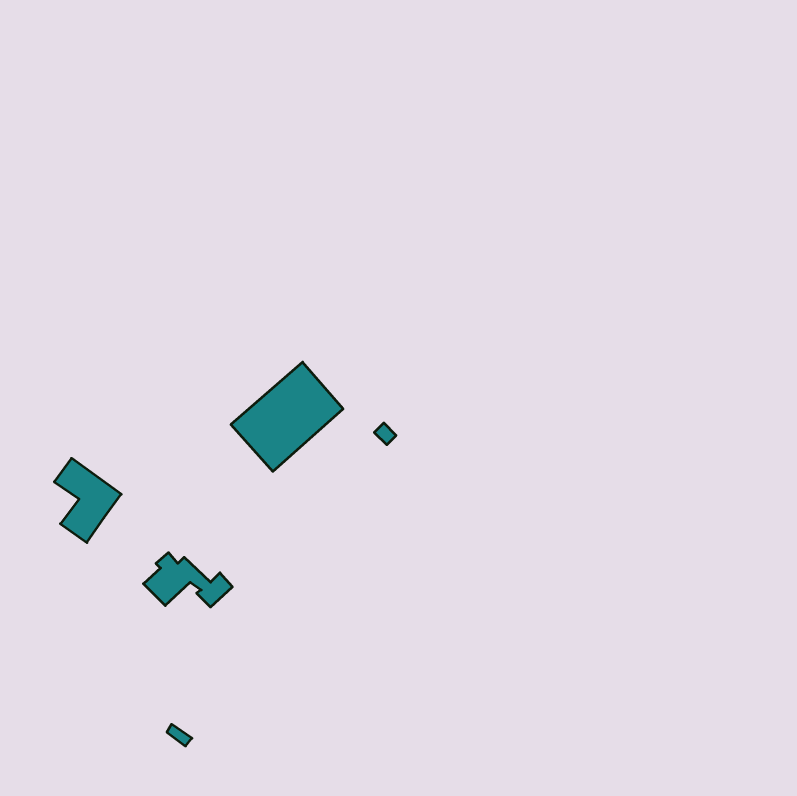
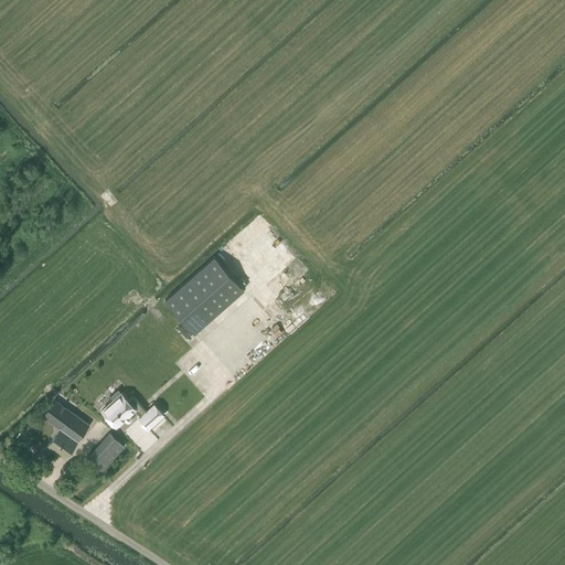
building: [54,458,121,543] -> [42,401,89,460]
building: none -> [88,435,124,470]

